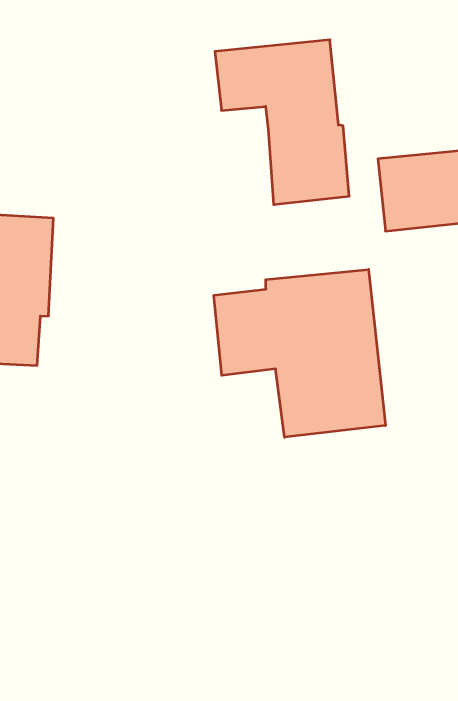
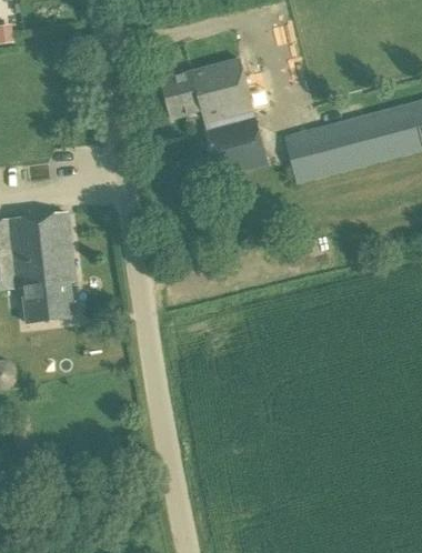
building: [214,269,385,437] -> none

